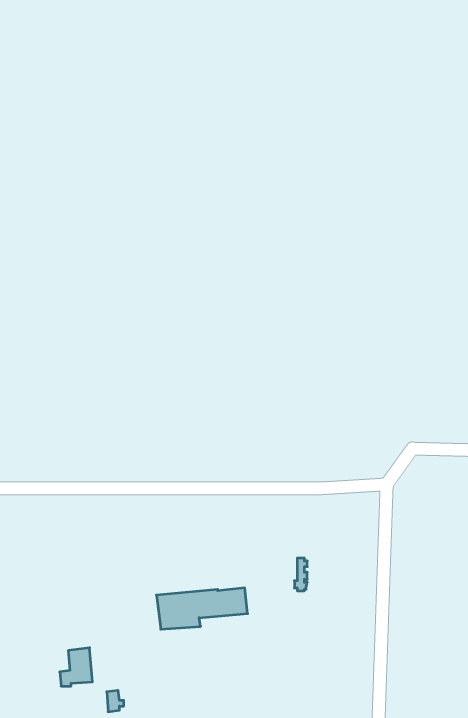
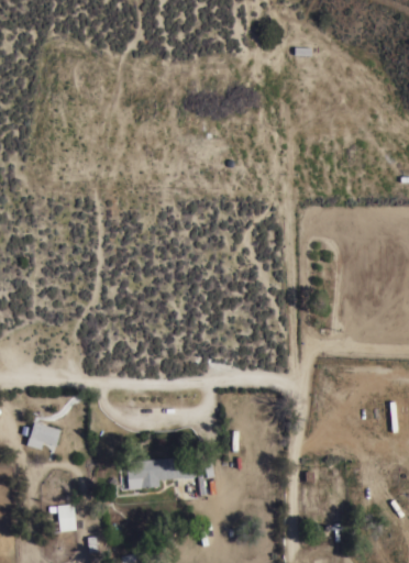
building: none -> [29,422,60,445]

